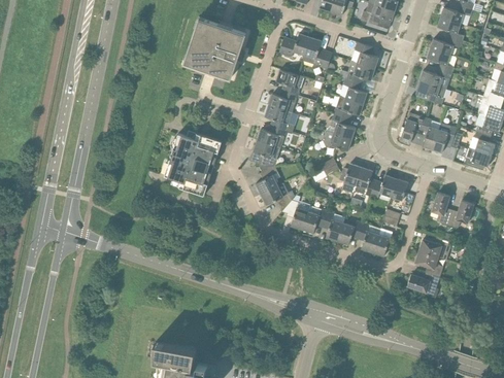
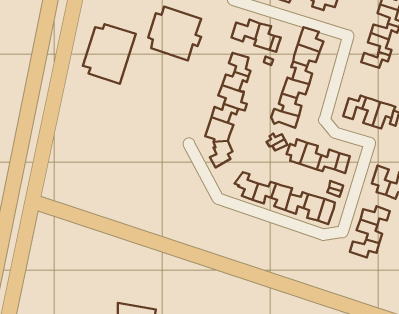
building: [416,80,445,105] -> none
building: [164,131,222,196] -> [83,24,136,84]
building: [261,185,291,212] -> none

